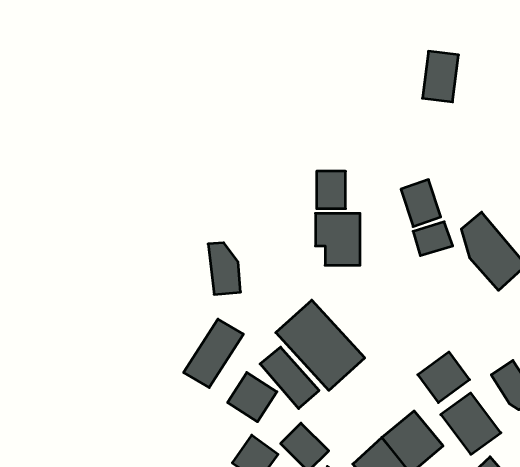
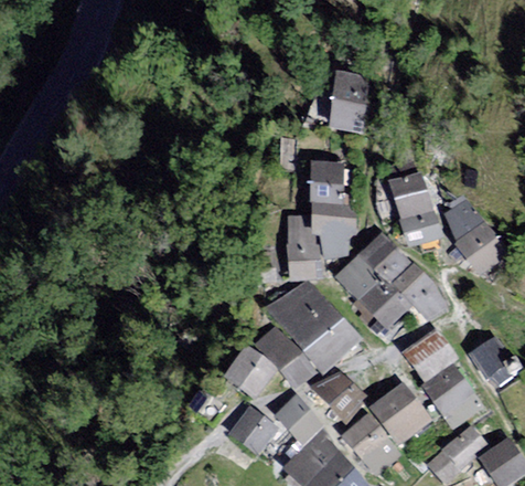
building: [422,51,459,102] -> [326,81,360,127]
building: [208,243,241,294] -> [286,228,315,275]
building: none -> [360,234,405,278]
building: none -> [335,256,405,326]
building: none -> [390,263,442,316]
building: [184,319,243,388] -> none
building: none -> [313,374,365,419]

